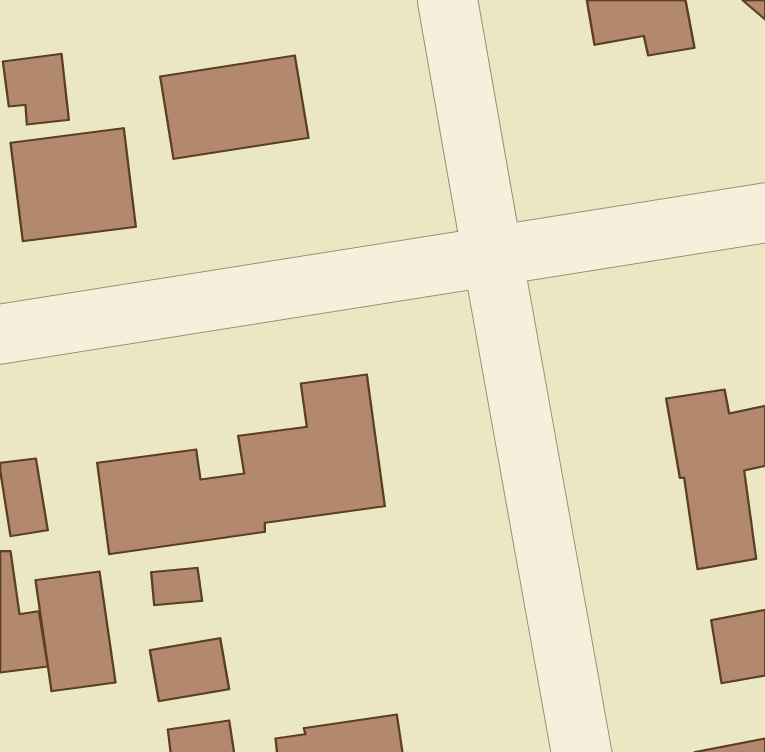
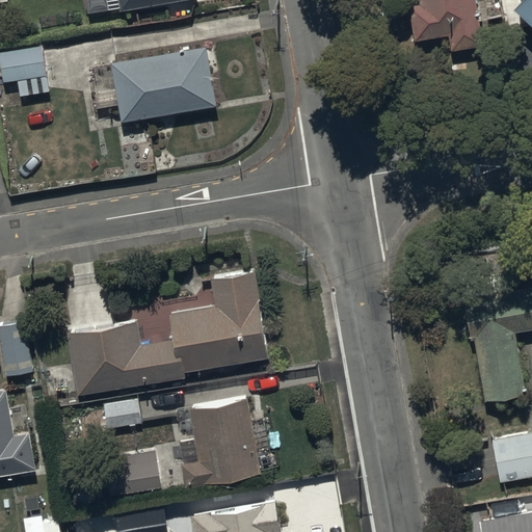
building: [11,128,136,241] -> none
building: none -> [180,396,260,483]
building: [36,571,116,691] -> none

